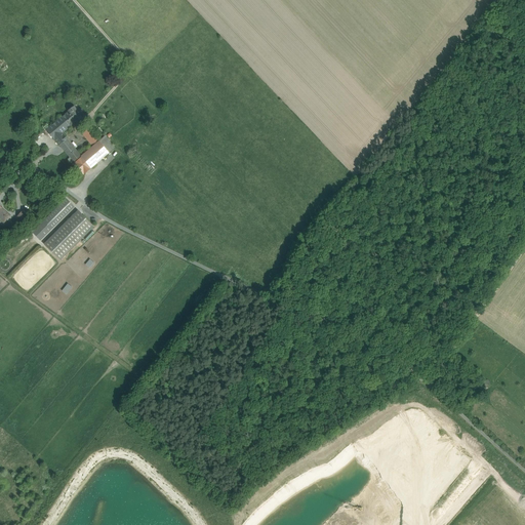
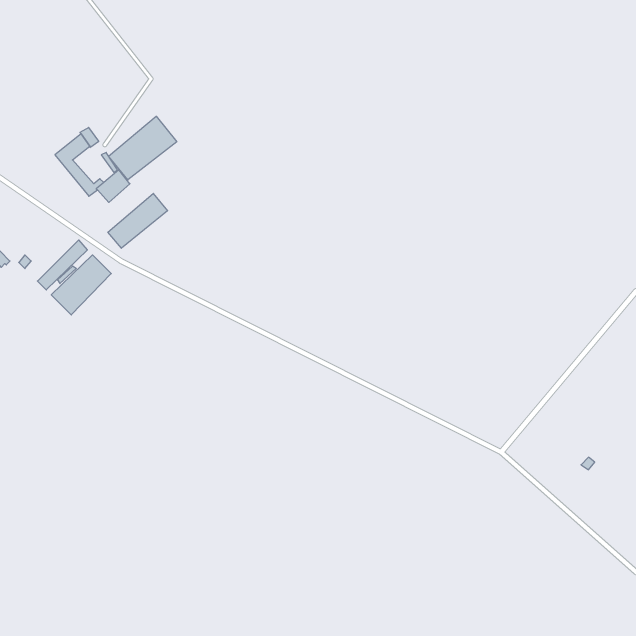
building: none -> [109,116,177,180]
building: none -> [108,193,168,248]

